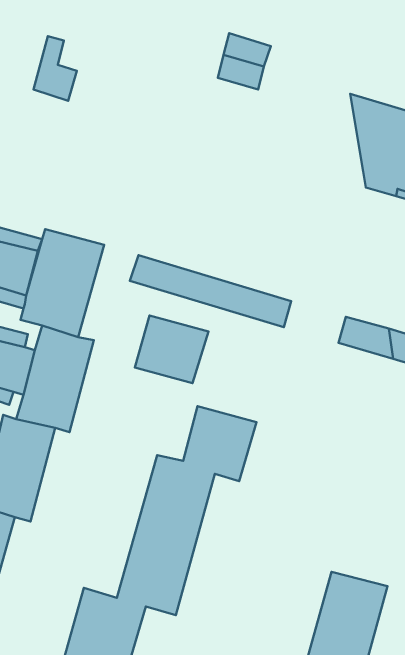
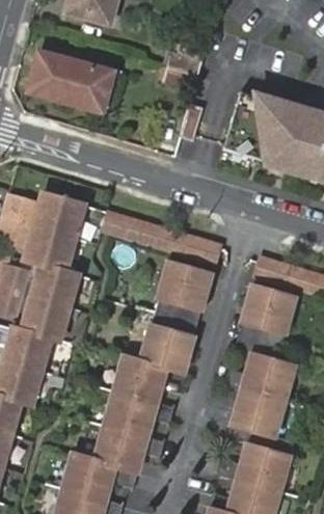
building: none -> [51,58,110,114]
building: [135,316,208,383] -> [158,263,211,312]
building: none -> [241,286,294,335]
building: none -> [232,356,293,435]

